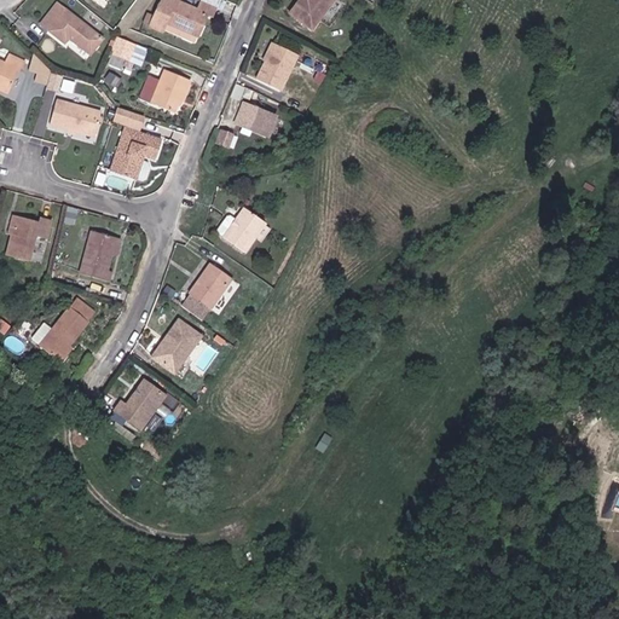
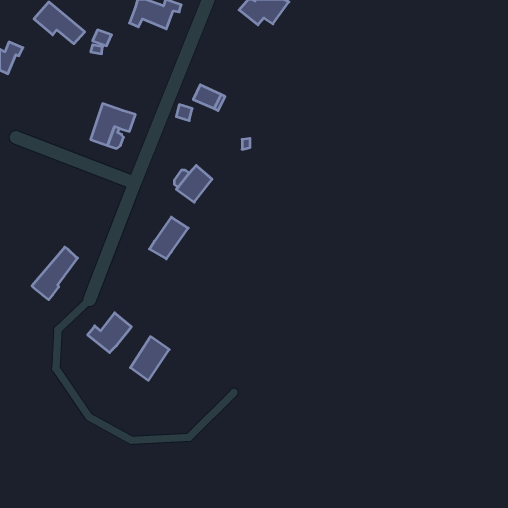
building: [255,53,290,87] -> none
building: [152,70,191,110] -> none
building: [52,99,100,134] -> none
building: [7,216,54,261] -> none
building: [80,231,120,283] -> none
building: [151,319,198,372] -> [130,337,169,380]

